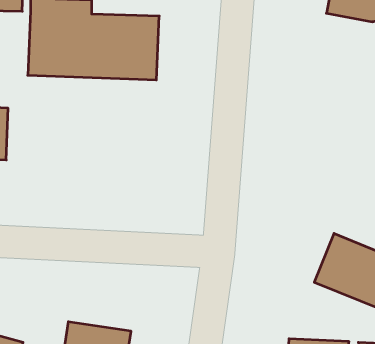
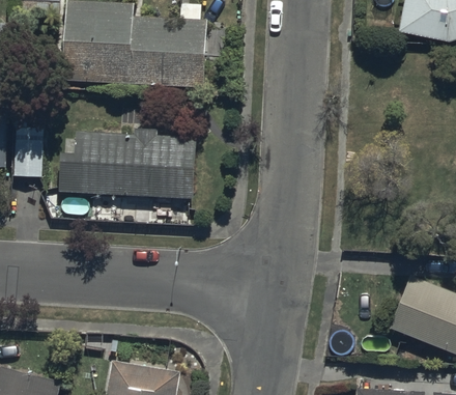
building: none -> [59,140,198,205]

